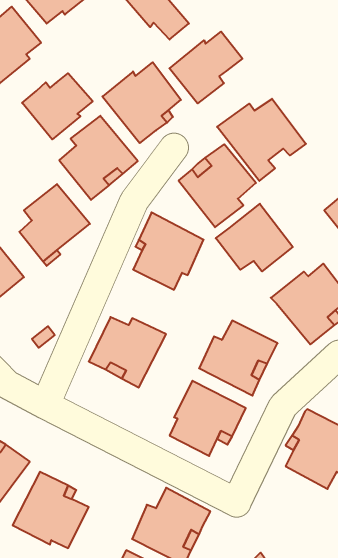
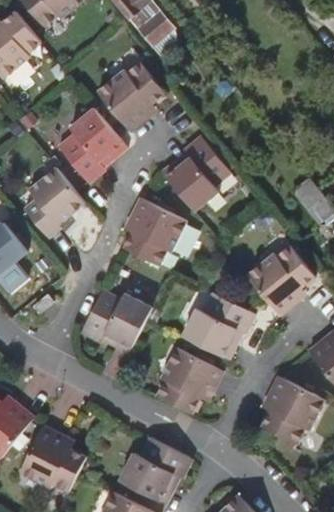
building: [169,32,242,103] -> none
building: [22,73,93,139] -> none
building: [217,99,306,181] -> none
building: [216,204,293,271] -> none

